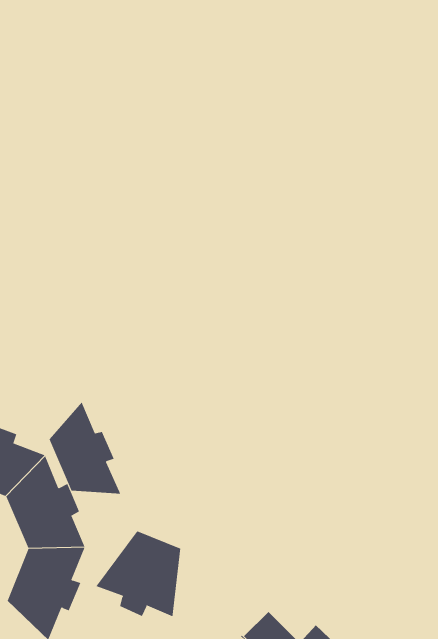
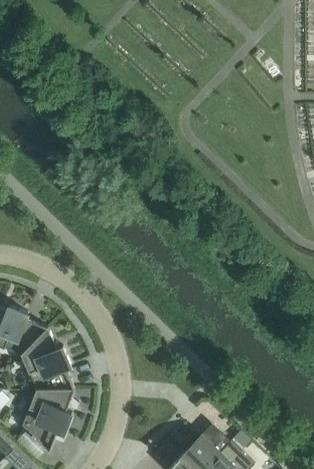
building: [49,402,121,494] -> none
building: [96,531,181,617] -> none

